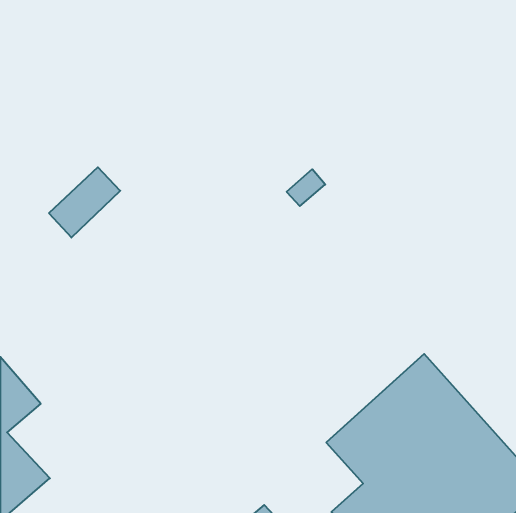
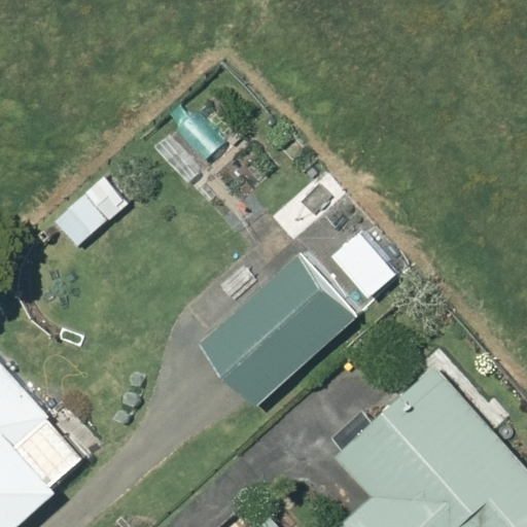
building: none -> [199,255,354,406]

